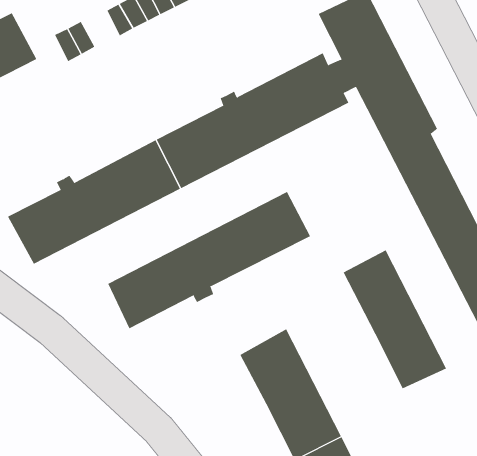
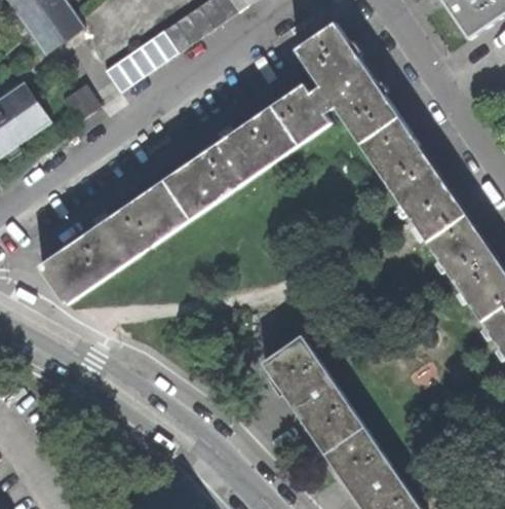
building: [107,191,311,329] -> none
building: [343,249,447,389] -> none

